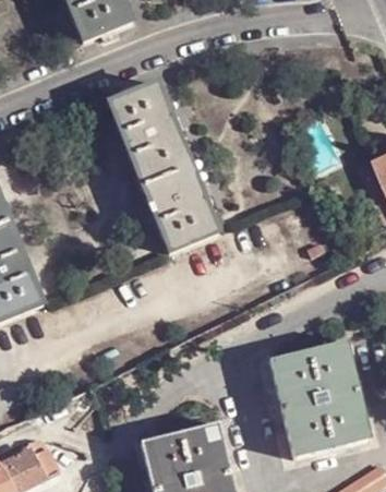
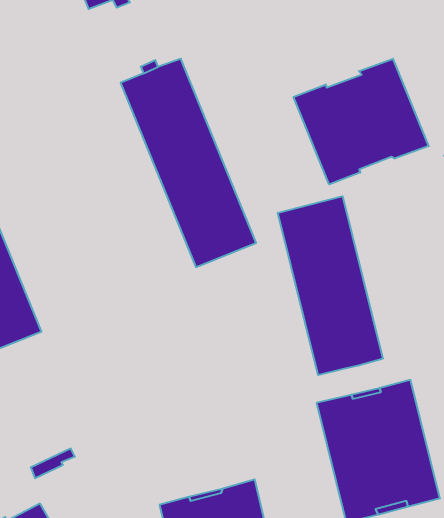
building: none -> [294,59,429,184]
building: none -> [278,196,383,375]

